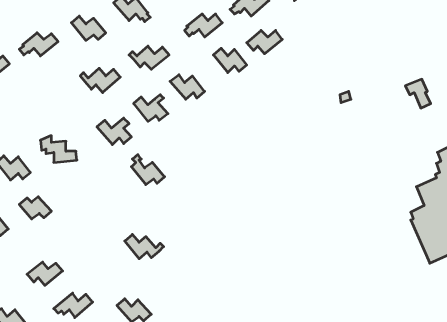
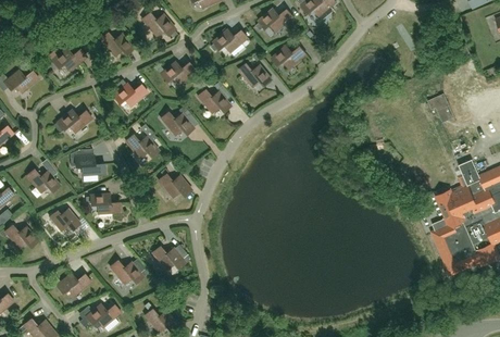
building: none -> [58,109,92,133]
building: none -> [86,194,121,213]
building: none -> [110,260,148,284]

